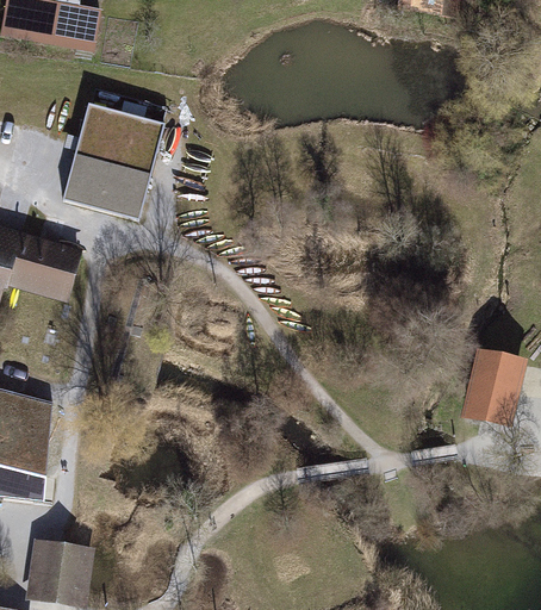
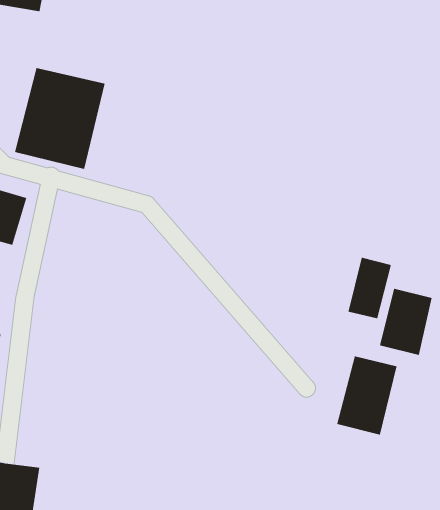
building: none -> [348,257,392,319]
building: none -> [336,356,397,435]

